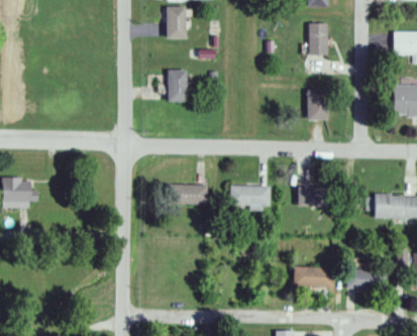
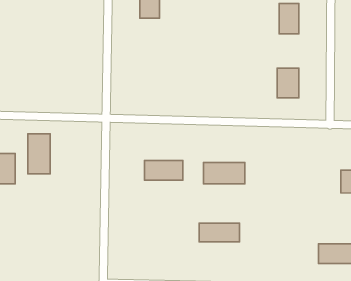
building: [165,69,185,102] -> none
building: none -> [28,134,50,174]
building: [297,188,321,209] -> none
building: [292,267,333,287] -> [199,223,239,242]

